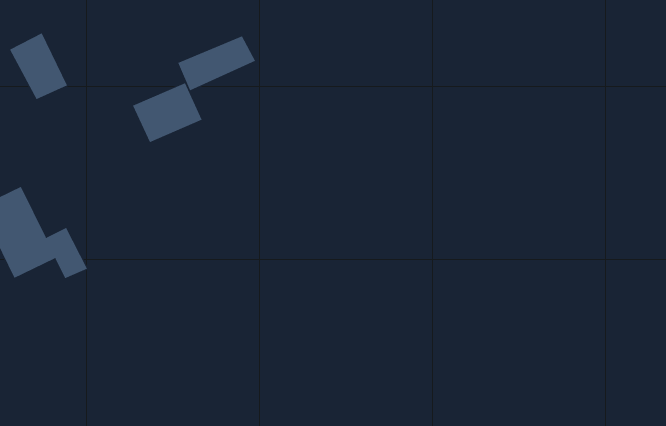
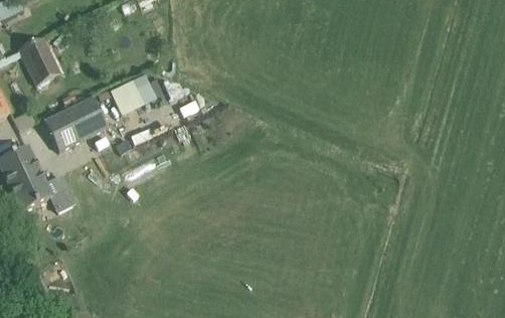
building: [178,35,256,91] -> none
building: none -> [44,97,108,150]

